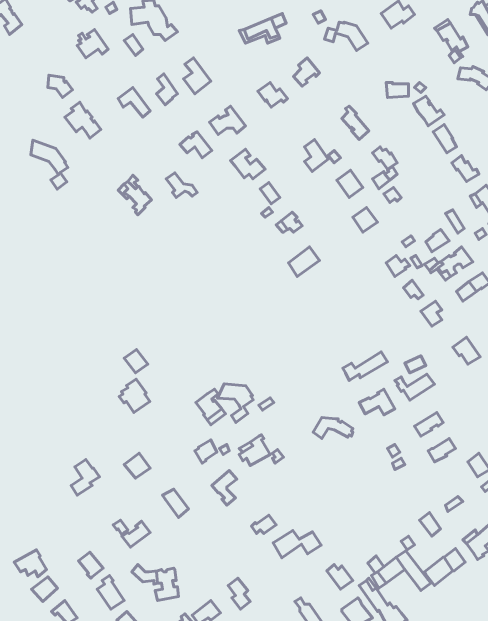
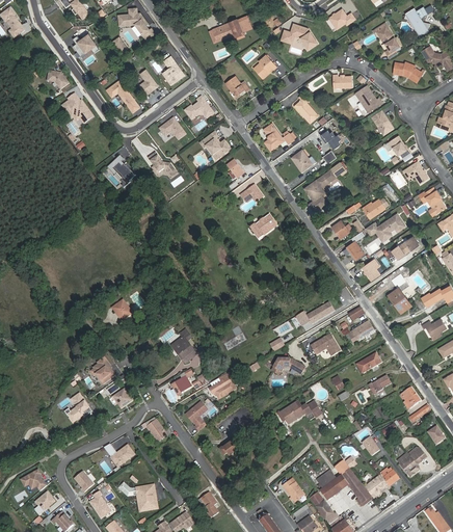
building: [31,140,68,189] -> none
building: [119,379,150,413] -> [90,356,116,384]
building: [217,384,253,422] -> none
building: [273,530,321,558] -> [281,401,321,424]

